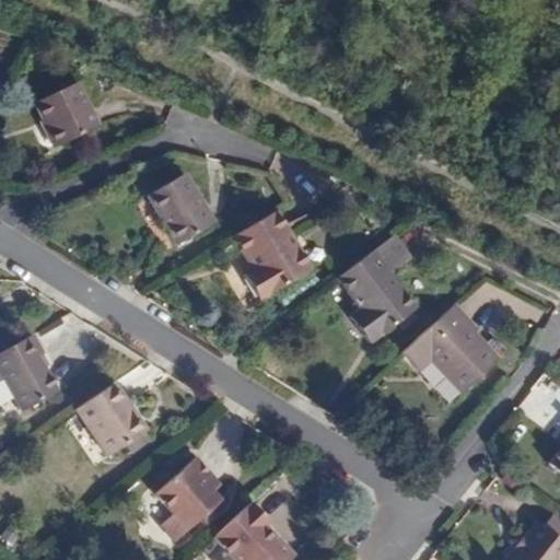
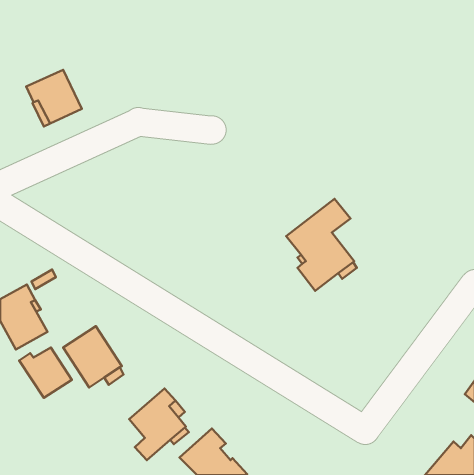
building: [148,173,213,243] -> none
building: [234,210,313,299] -> none
building: [402,304,499,394] -> none
building: none -> [19,348,72,398]

